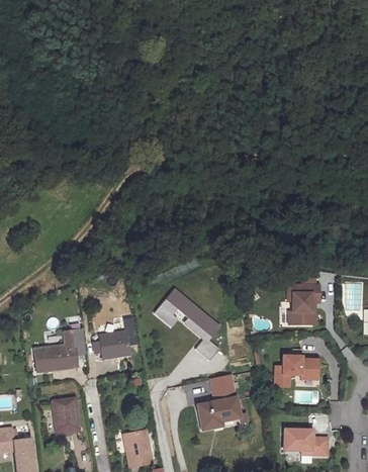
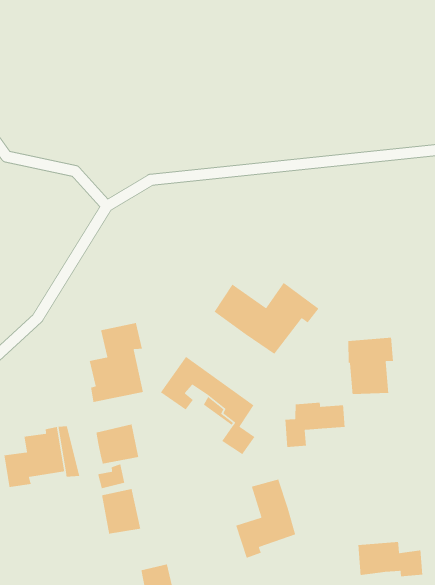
building: none -> [213,282,320,355]
building: none -> [89,322,144,403]
building: [276,356,318,386] -> [284,402,346,448]
building: [57,399,83,431] -> [101,488,141,535]

